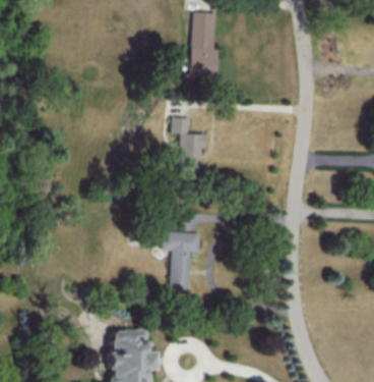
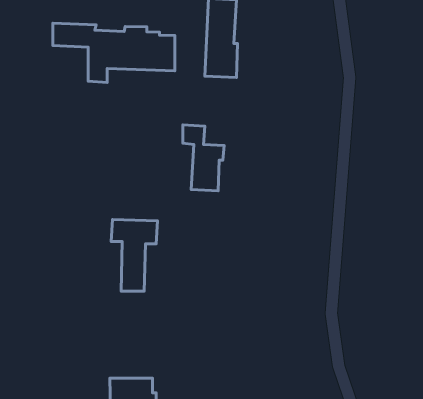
building: none -> [53,23,175,83]
building: [163,232,201,292] -> [111,219,158,291]

